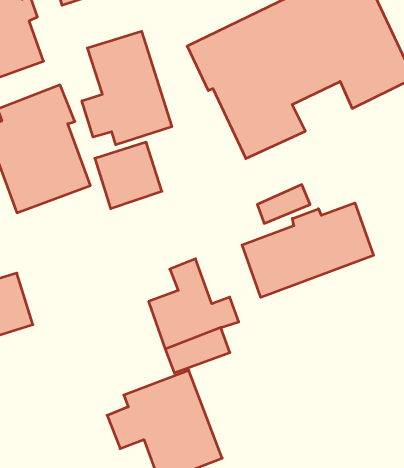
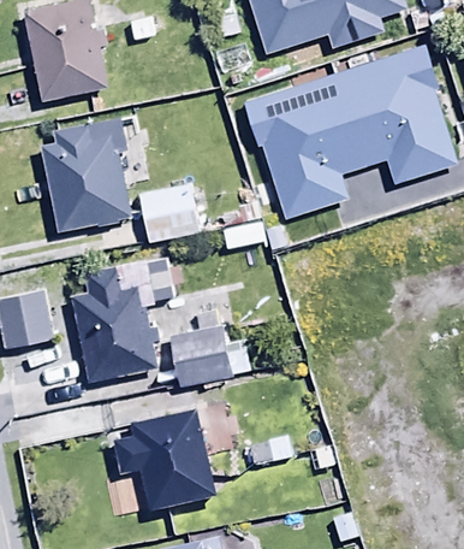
building: [82,31,172,145] -> none
building: [242,203,374,297] -> none
building: none -> [72,267,159,383]

